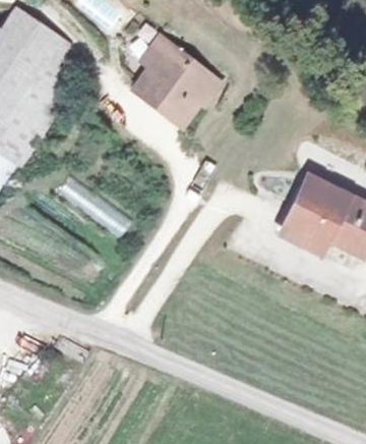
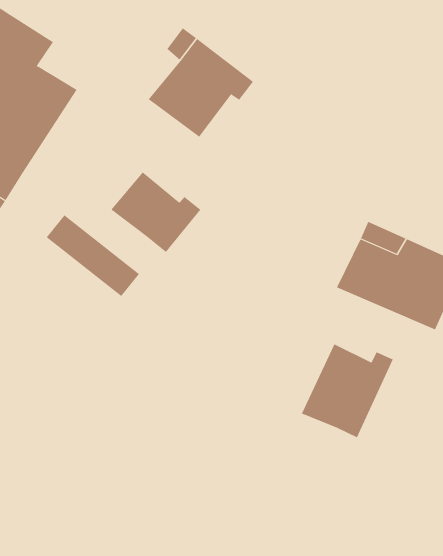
building: none -> [111,172,201,253]
building: none -> [301,344,393,438]

